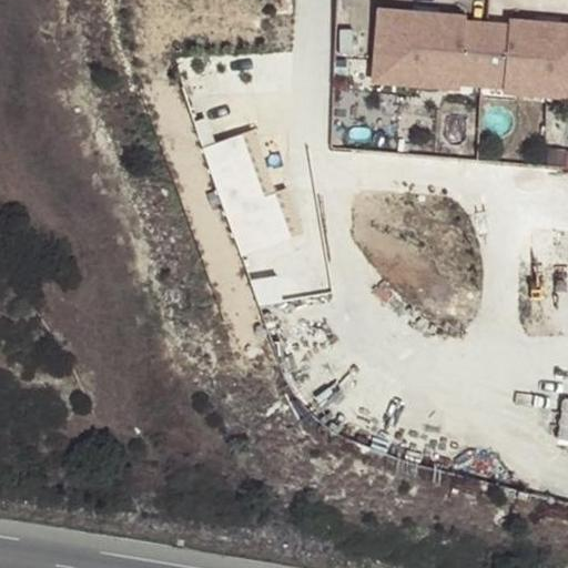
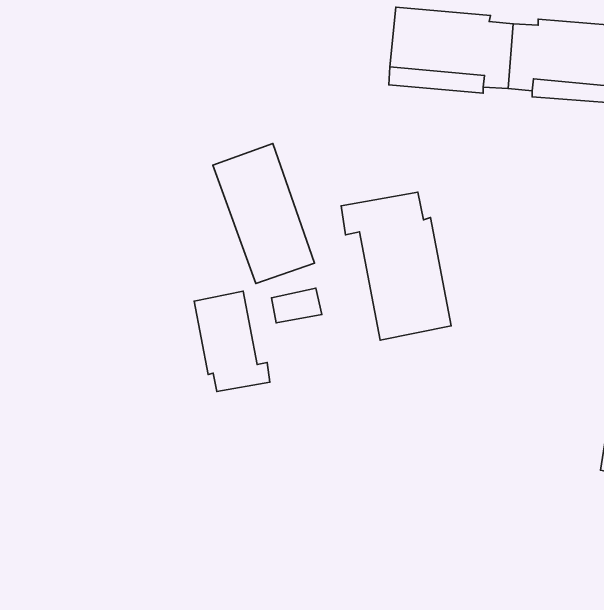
building: none -> [341,192,451,340]
building: none -> [194,291,270,392]

